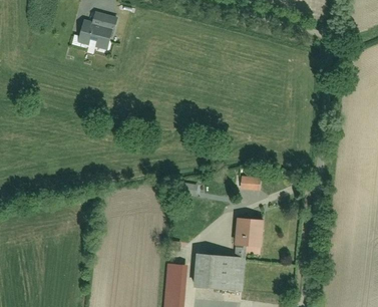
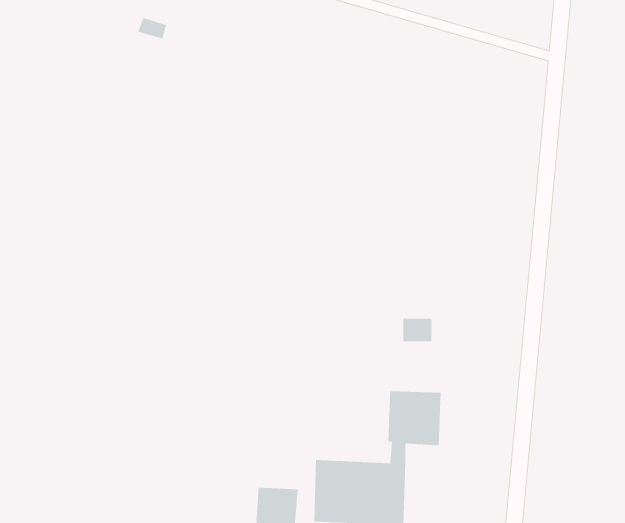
building: [82,23,109,46] -> none

